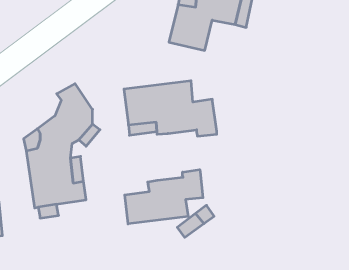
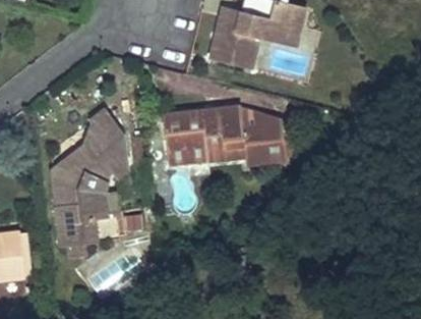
building: none -> [233,105,280,161]
building: [125,170,203,224] -> none

